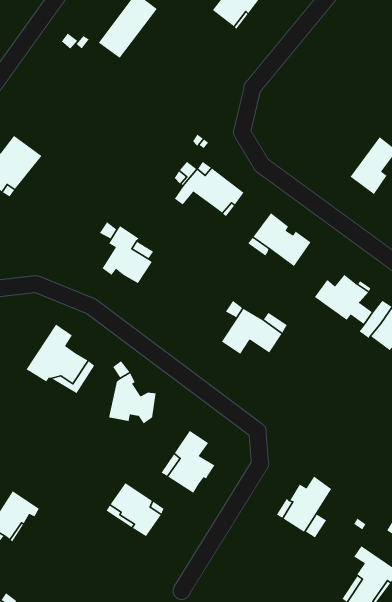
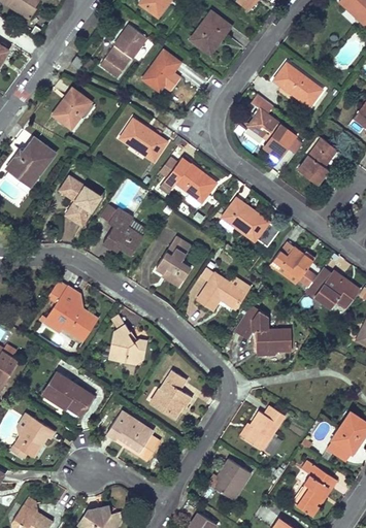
building: none -> [142,48,178,92]
building: none -> [273,63,322,106]
building: none -> [53,89,91,129]
building: none -> [247,109,296,155]
building: none -> [120,119,167,162]
building: none -> [60,176,101,225]
building: none -> [156,237,191,286]
building: none -> [234,305,291,352]
building: none -> [42,372,93,416]
building: none -> [214,459,251,500]

